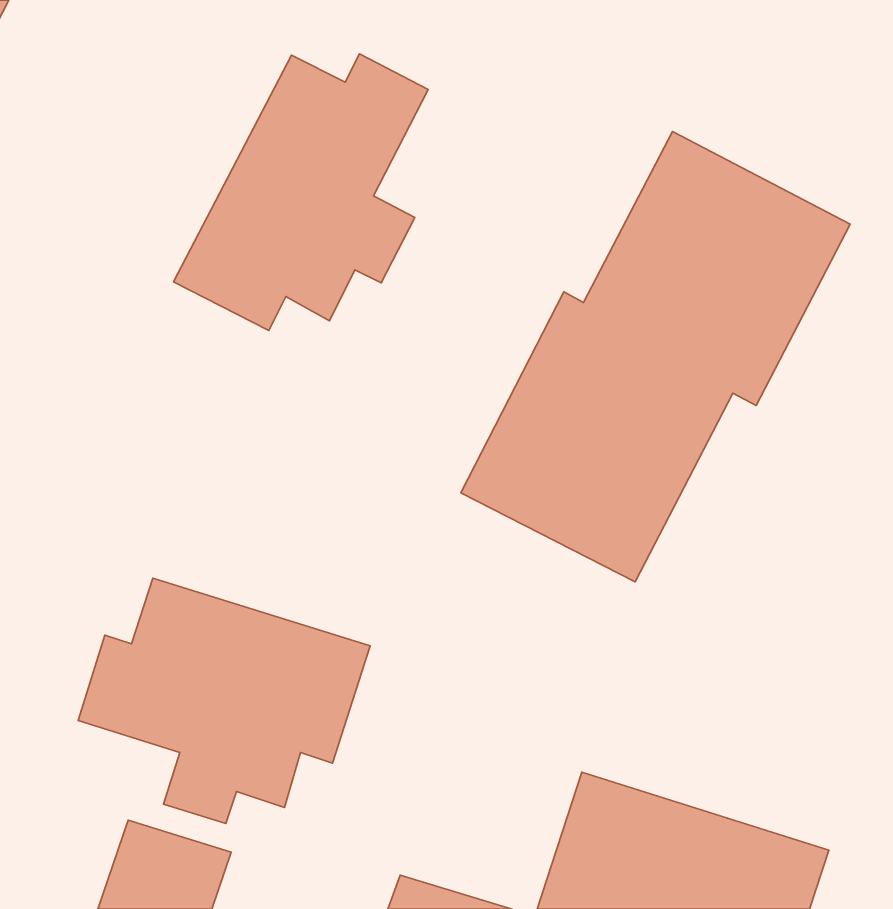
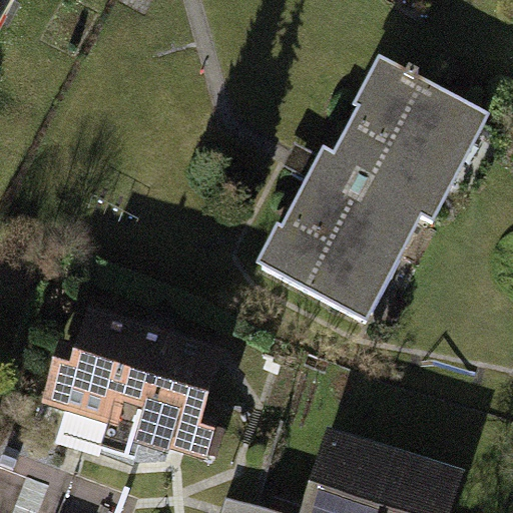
building: [174,54,428,331] -> none

